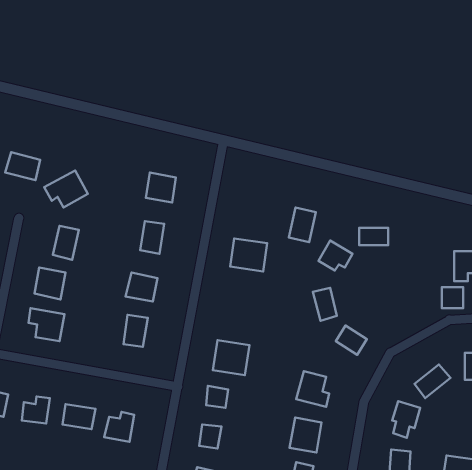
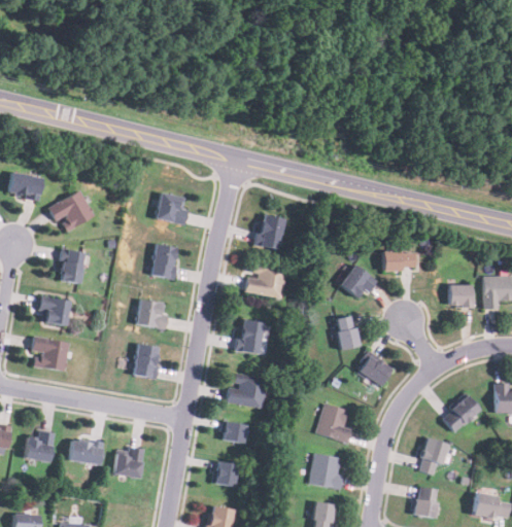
building: [289,207,316,242] -> [254,213,283,250]
building: [442,287,463,308] -> [449,284,472,307]
building: none -> [237,319,263,354]

